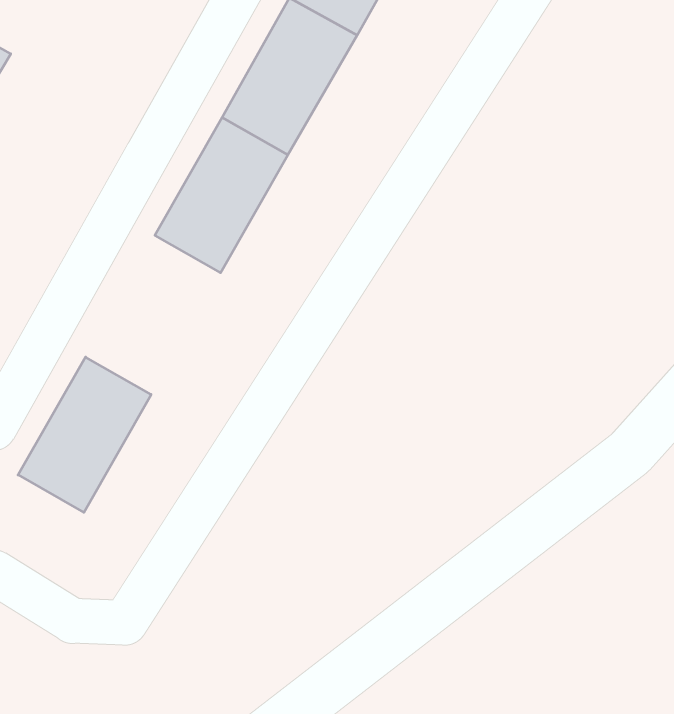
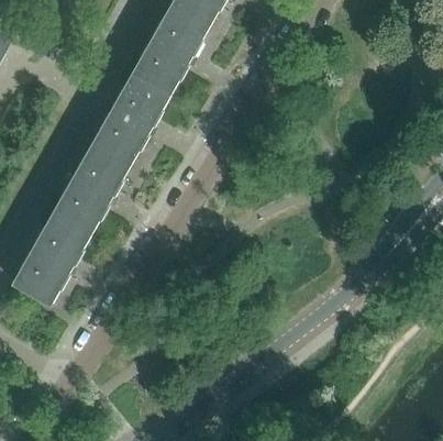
building: none -> [52,142,131,235]

